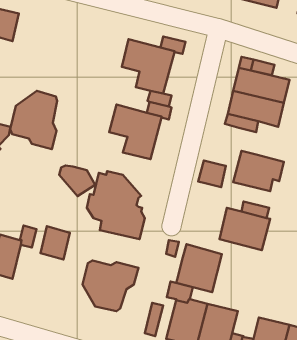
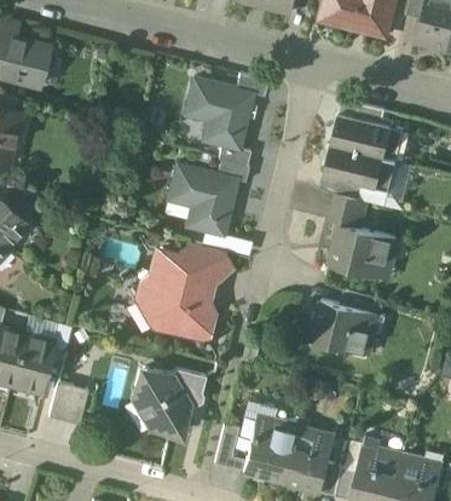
building: [10,91,57,149] -> none
building: [198,160,226,187] -> [330,195,366,230]
building: [59,166,95,196] -> [185,244,232,284]
building: [41,226,70,260] -> [48,382,87,426]
building: [176,244,222,292] -> none

